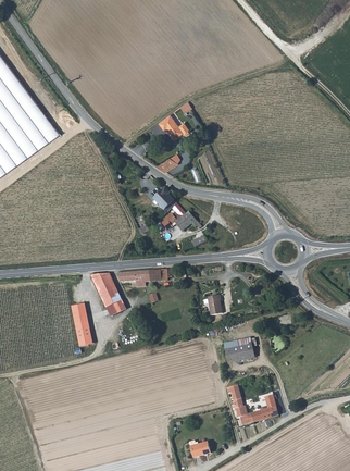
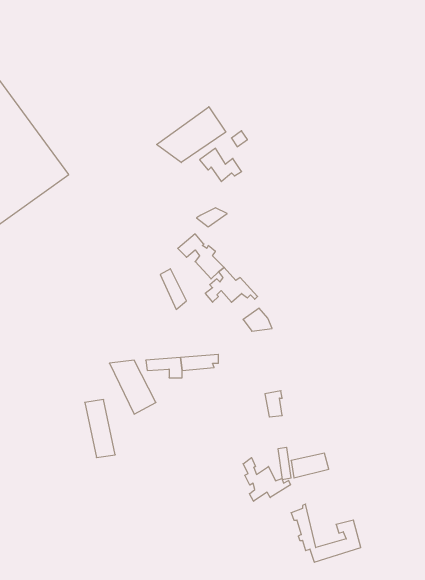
building: none -> [157,107,226,163]
building: none -> [243,458,290,501]

